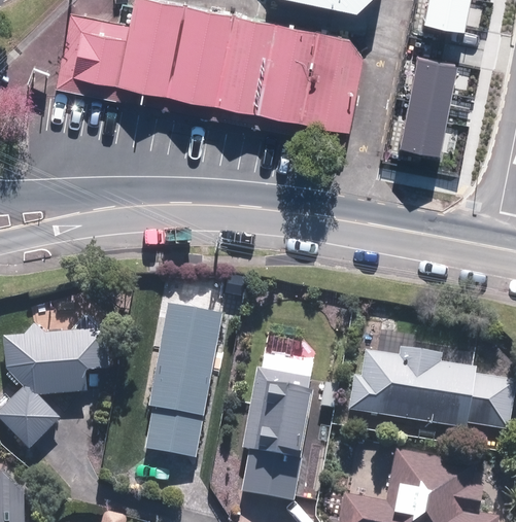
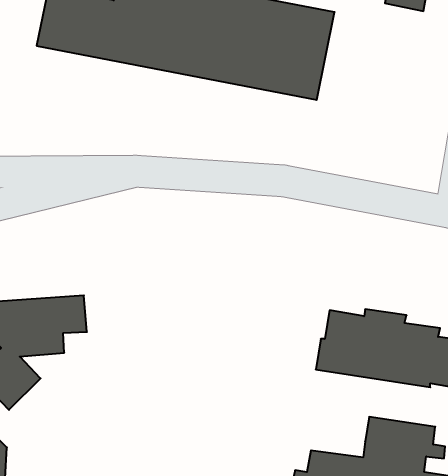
building: [397,60,455,160] -> none
building: [140,306,221,459] -> none
building: [240,354,316,503] -> none

